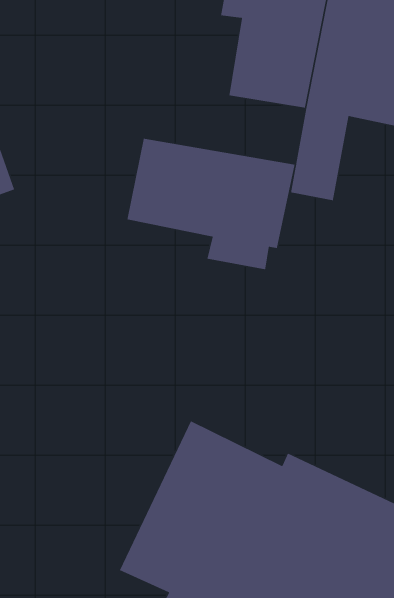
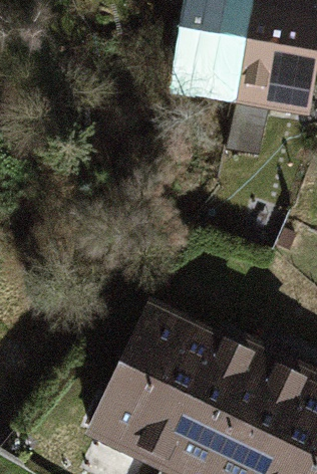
building: [126,138,295,270] -> none

